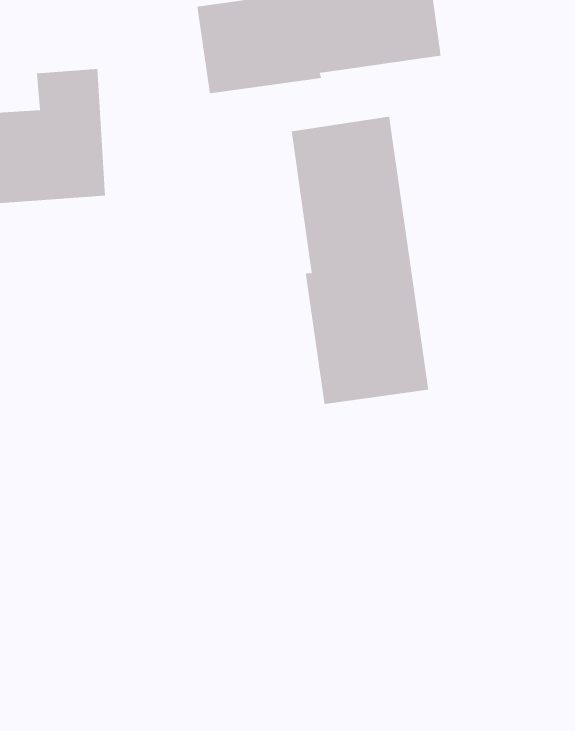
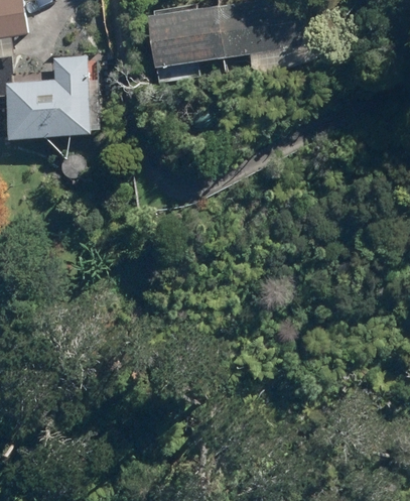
building: [291,116,429,405] -> none

